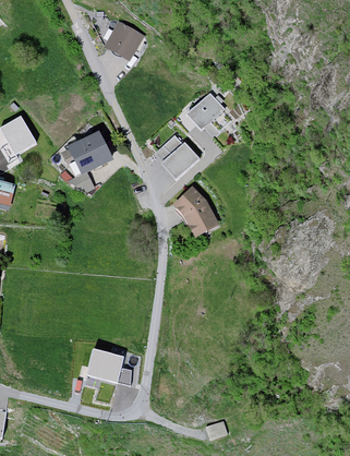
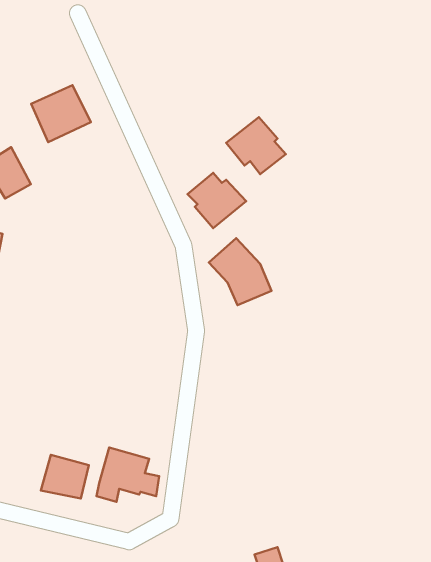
building: [104,26,138,61] -> none
building: [67,130,112,173] -> [31,85,91,142]
building: none -> [41,455,89,498]

